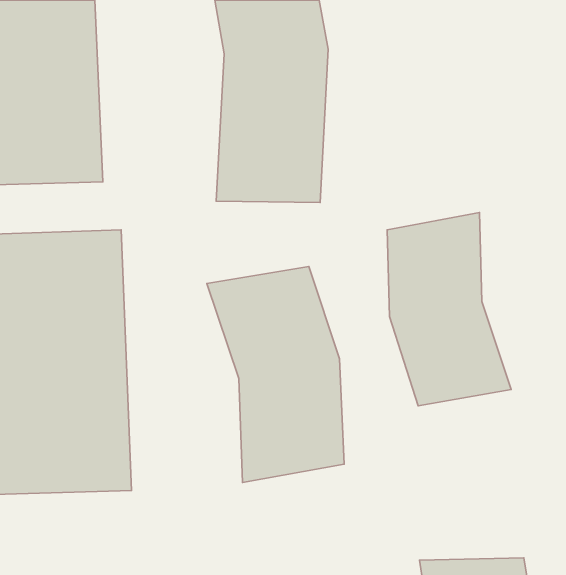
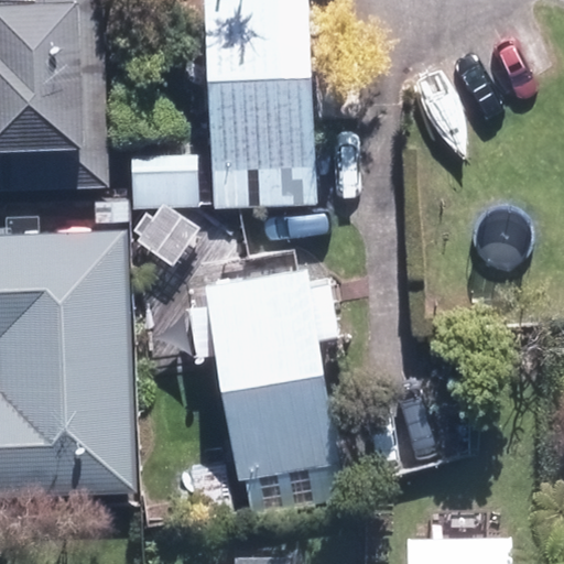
building: [387,212,511,406] -> none

